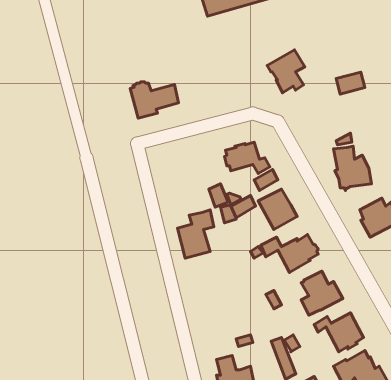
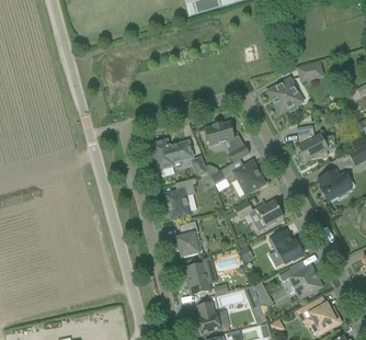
building: [267,50,305,93] -> [267,77,299,113]
building: [130,82,178,118] -> [152,138,193,169]
building: none -> [176,219,201,257]
building: none -> [186,261,210,294]

